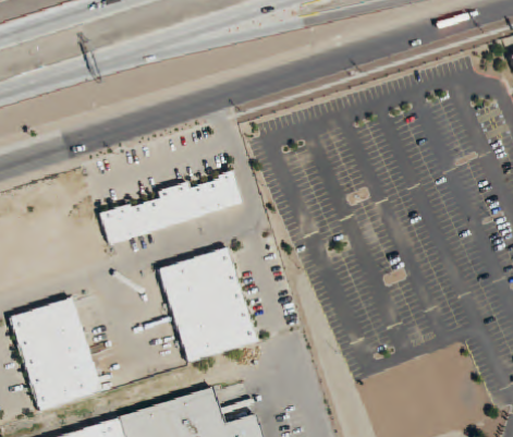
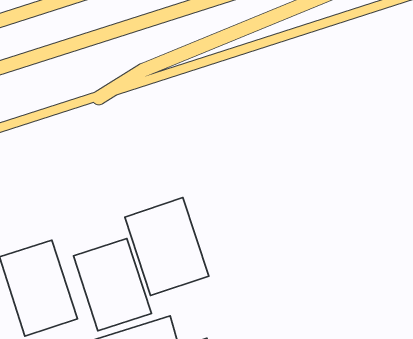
building: [98,170,242,245] -> none
building: none -> [73,239,151,331]

